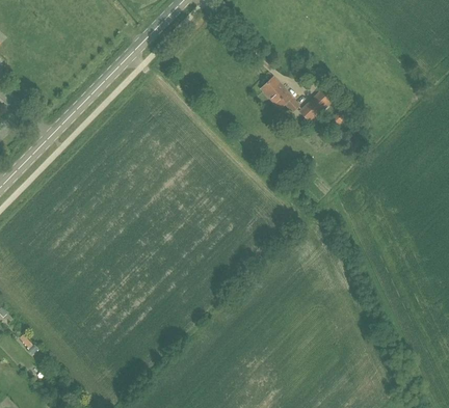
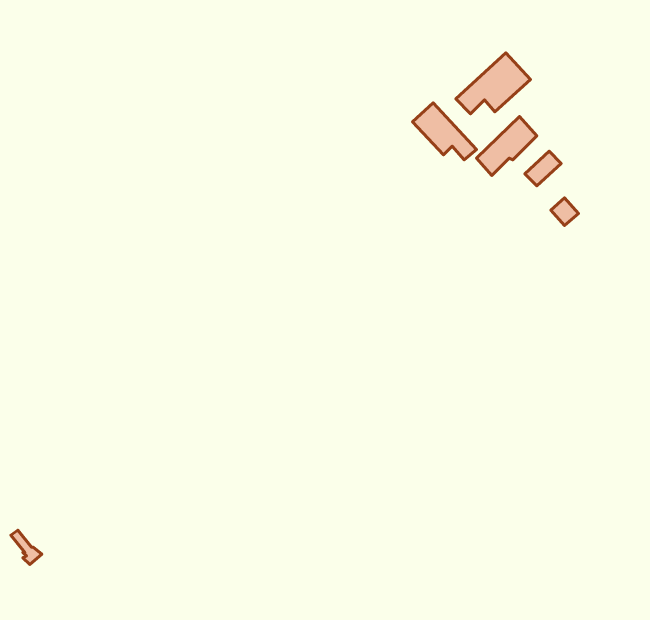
building: none -> [456,53,531,114]

